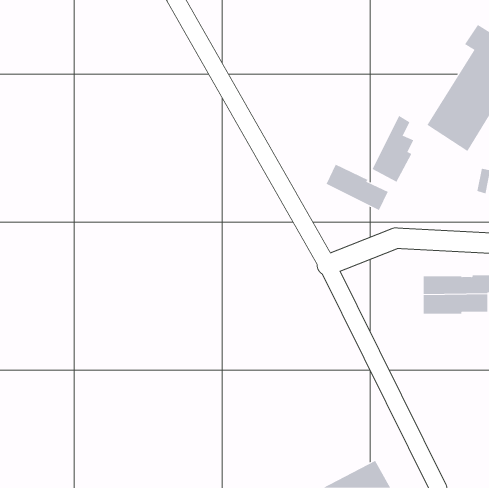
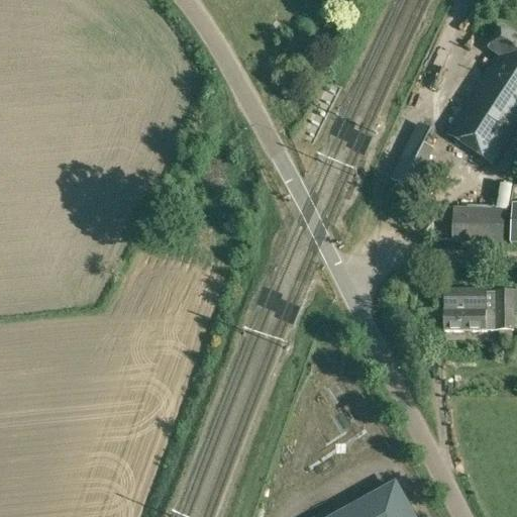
building: [326,164,388,211] -> none
building: none -> [458,208,505,241]

